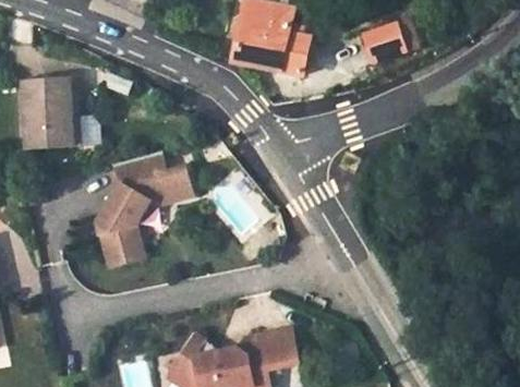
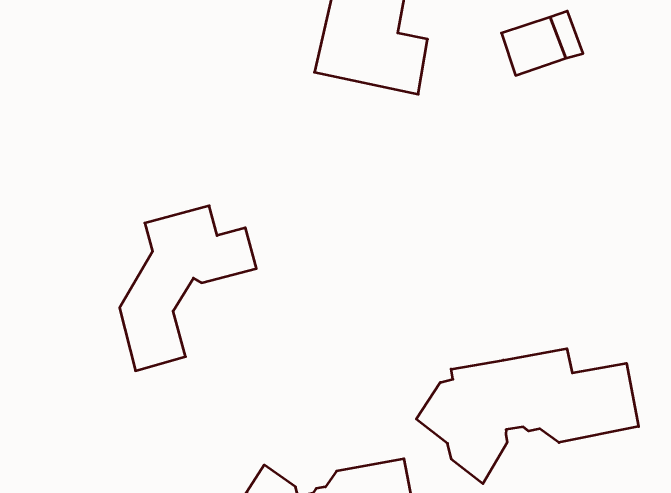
building: [22,78,99,147] -> none
building: none -> [416,349,639,484]

